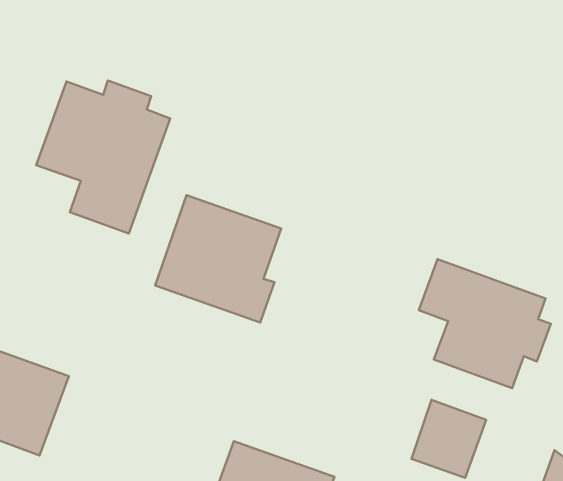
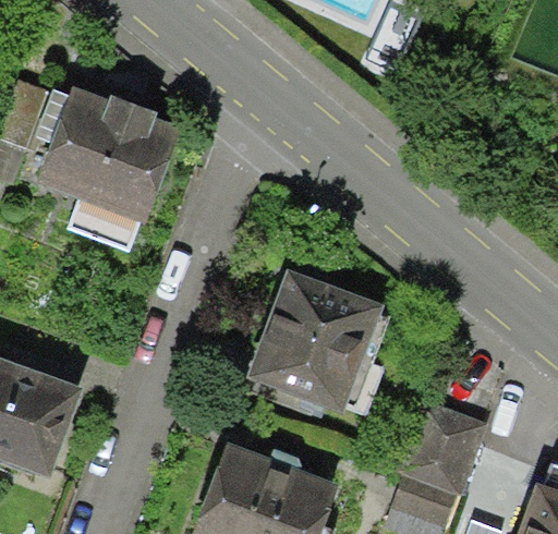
building: [155,195,281,322] -> [264,279,387,403]
building: [419,259,551,388] -> none

